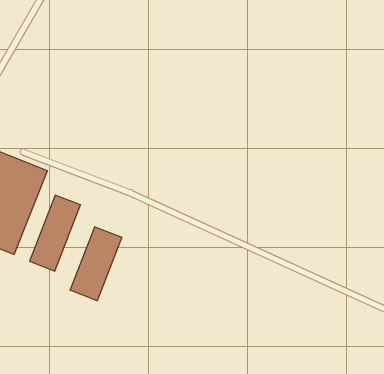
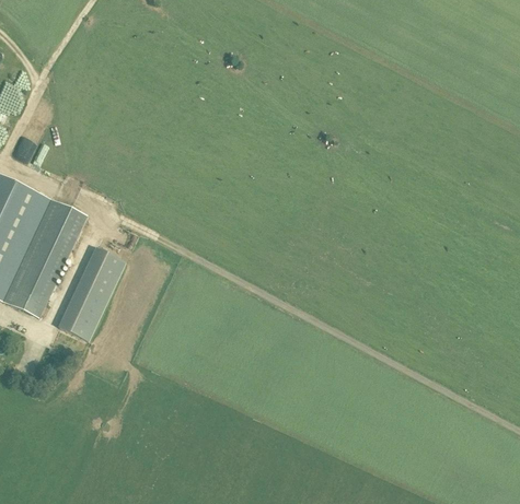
building: [70,227,122,301] -> none

